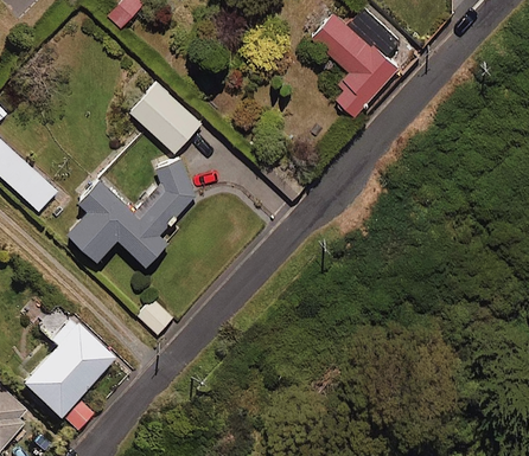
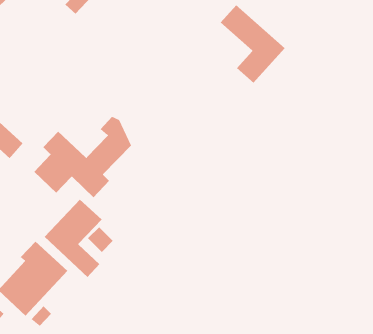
building: [130,82,202,152] -> none
building: none -> [44,199,102,278]

